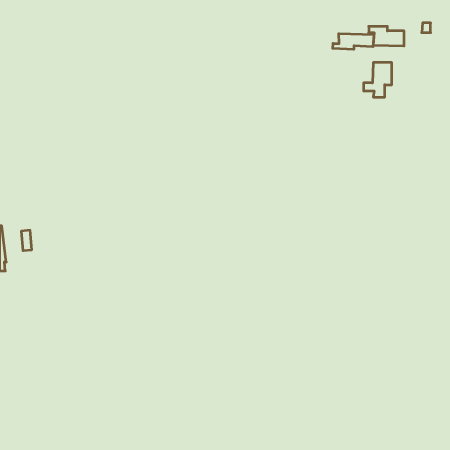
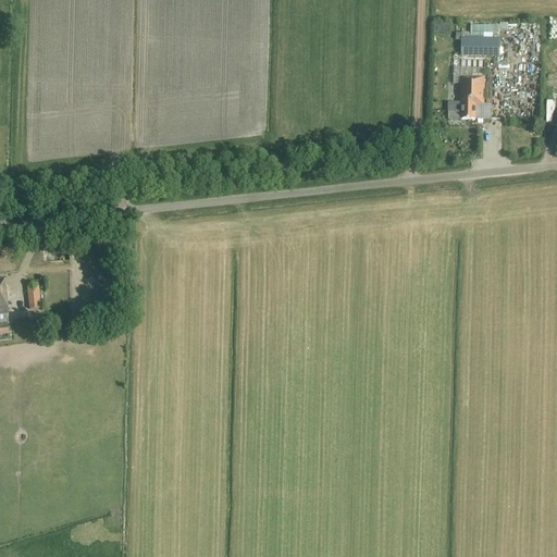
building: [333,34,374,49] -> none

